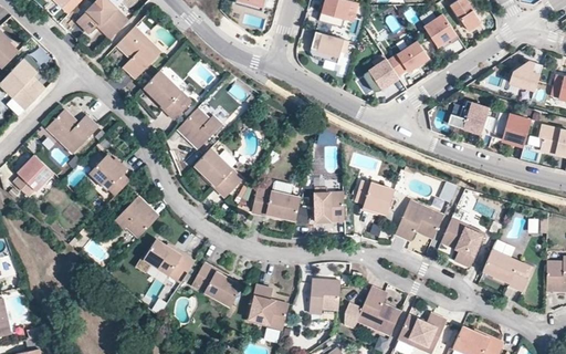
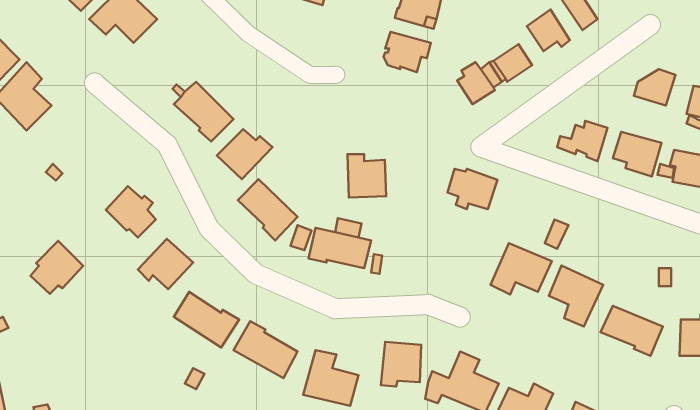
building: [117,27,160,77] -> none
building: [45,108,99,154] -> none
building: [13,156,55,198] -> [31,241,83,294]
building: [354,180,394,212] -> [447,169,498,209]
building: [313,186,344,220] -> [347,154,386,197]

